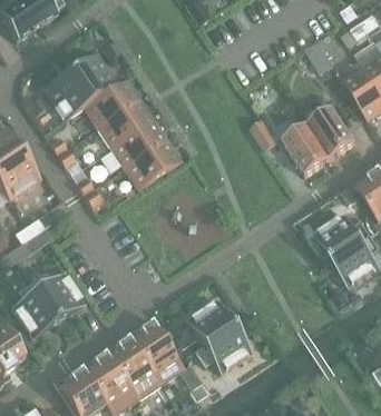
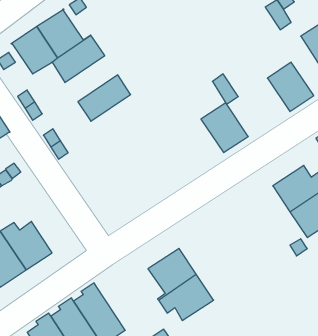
building: [97,99,152,147] -> none
building: [281,122,330,174] -> [201,103,248,153]
building: [124,139,178,187] -> none
building: [129,318,183,383] -> none

